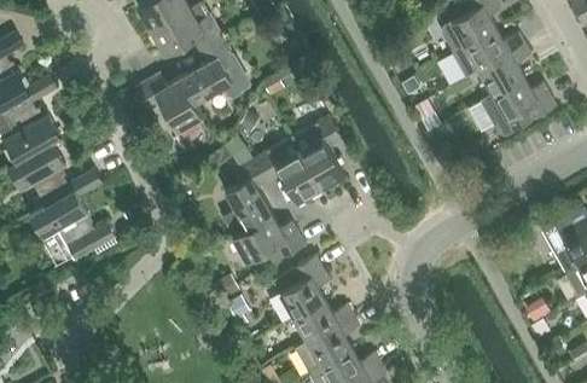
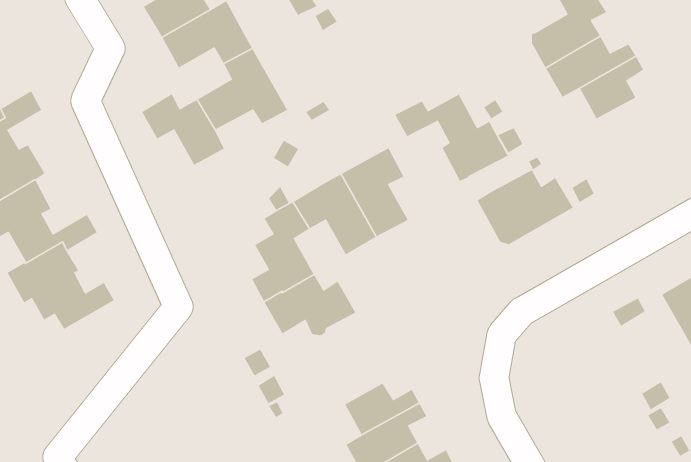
building: none -> [394,93,509,182]
building: [480,79,556,138] -> [476,169,574,245]
building: [273,256,330,318] -> none

